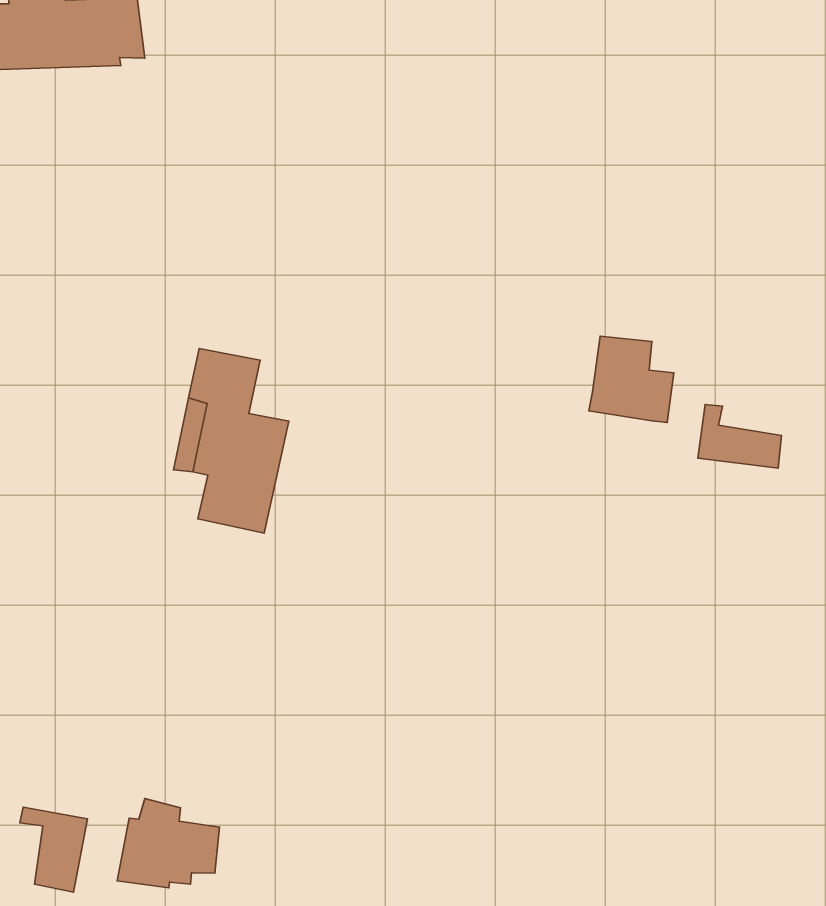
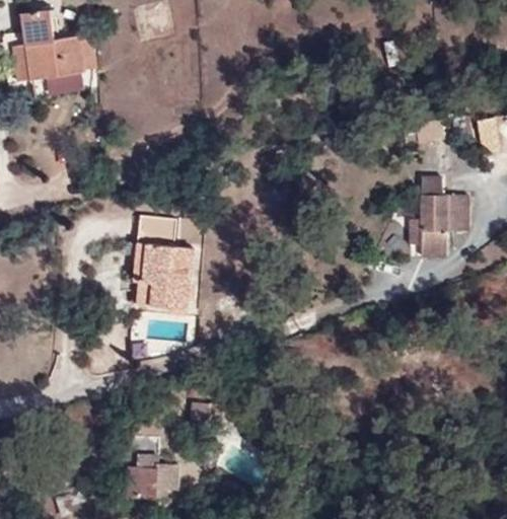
building: [589,336,674,422] -> [419,190,461,231]
building: [20,807,87,892] -> none

